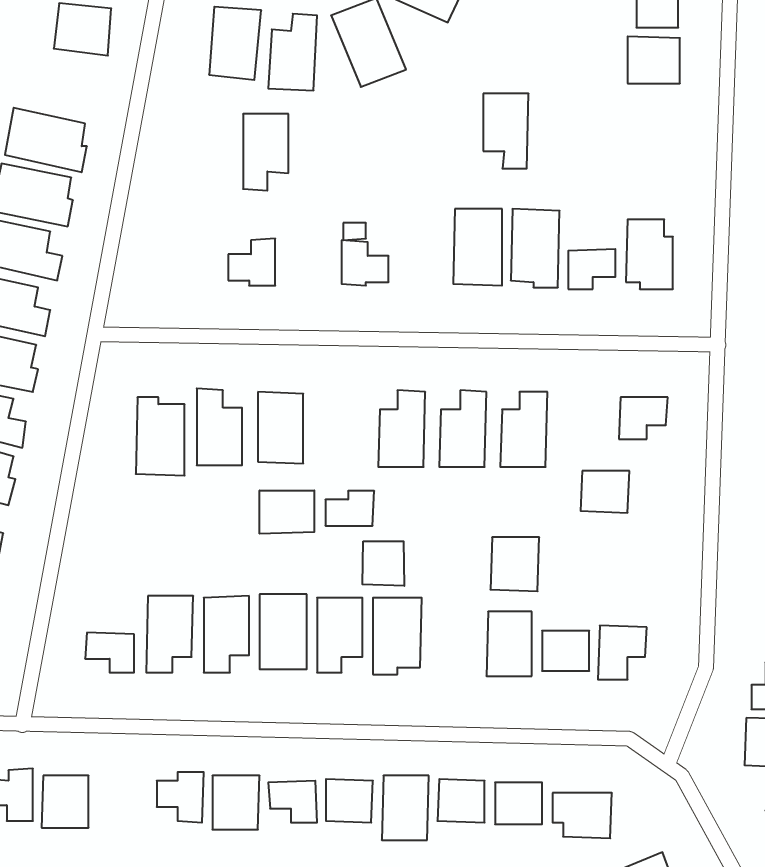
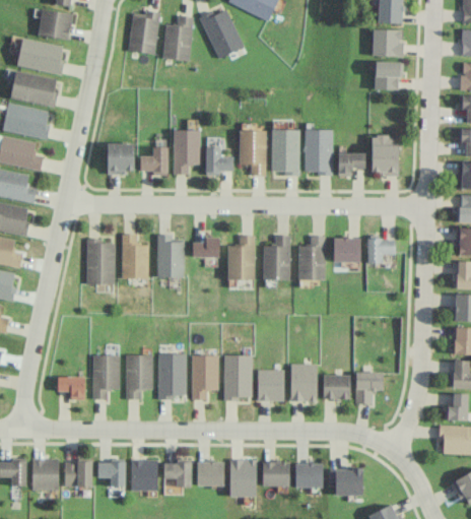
building: none -> [17,38,65,75]
building: [483,94,529,169] -> [240,131,266,175]
building: none -> [375,62,401,89]
building: [243,114,288,191] -> [174,130,200,175]
building: none -> [107,143,135,174]
building: [581,471,629,513] -> [333,238,361,262]
building: [260,490,314,534] -> none
building: [325,491,374,526] -> [192,237,220,257]
building: [490,537,539,591] -> [257,370,285,401]
building: [362,541,404,586] -> none
building: none -> [65,462,92,486]

